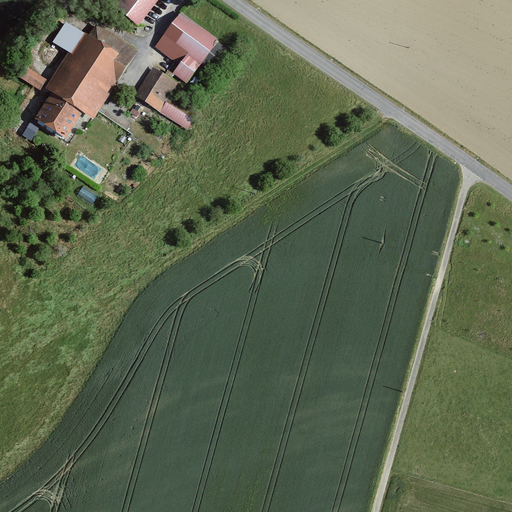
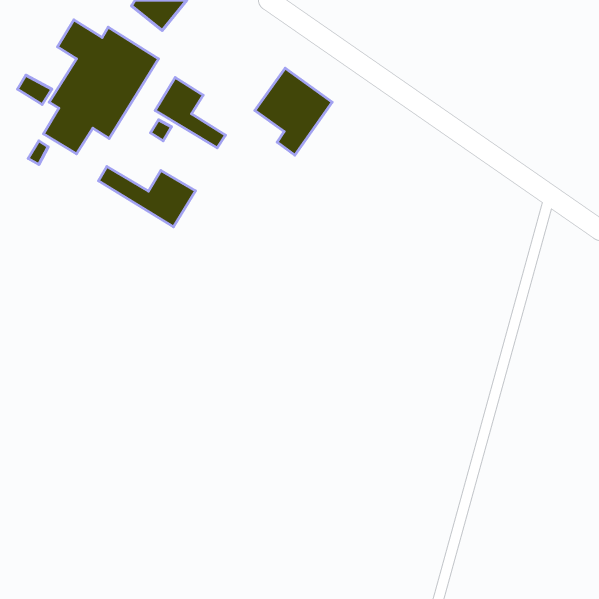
building: [154,10,220,84] -> [255,68,332,155]
building: none -> [98,166,195,227]

